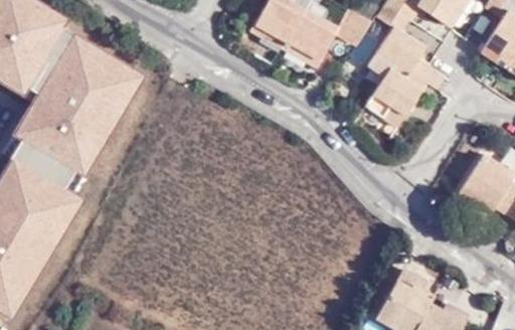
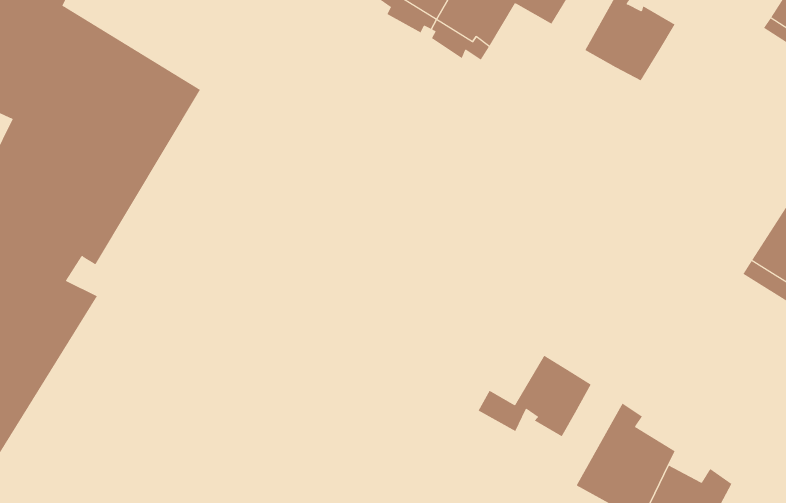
building: [369,60,446,128] -> none
building: none -> [478,355,591,437]

